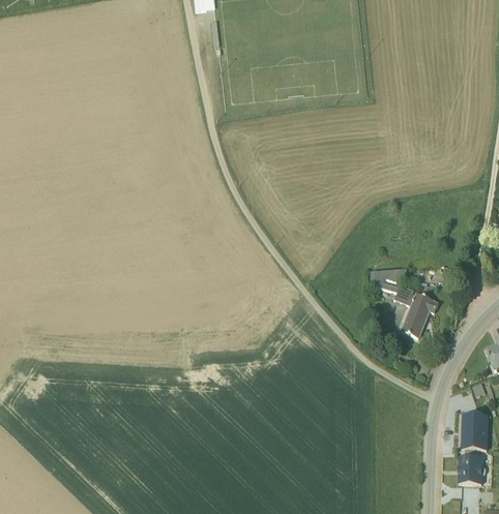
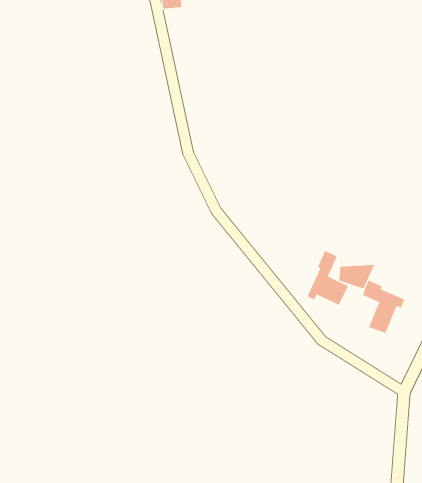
building: none -> [307,250,349,306]

